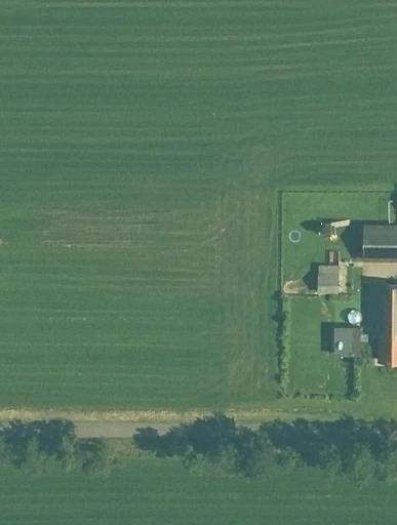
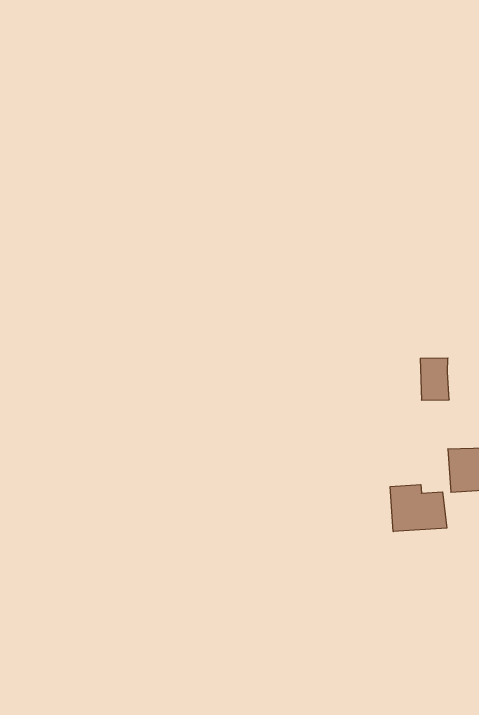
building: none -> [390,485,447,532]

